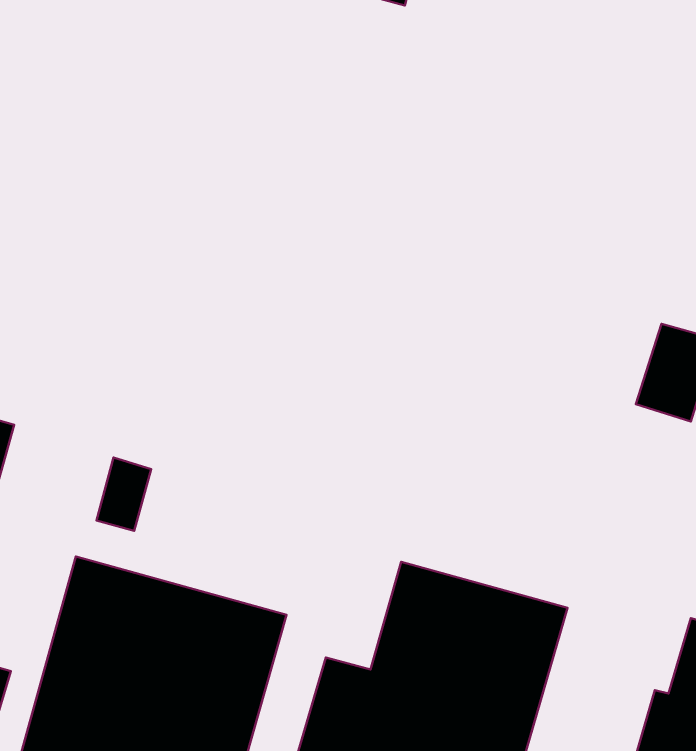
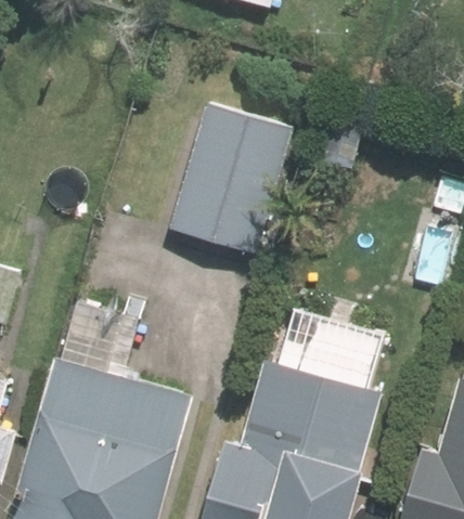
building: none -> [164,101,286,250]

